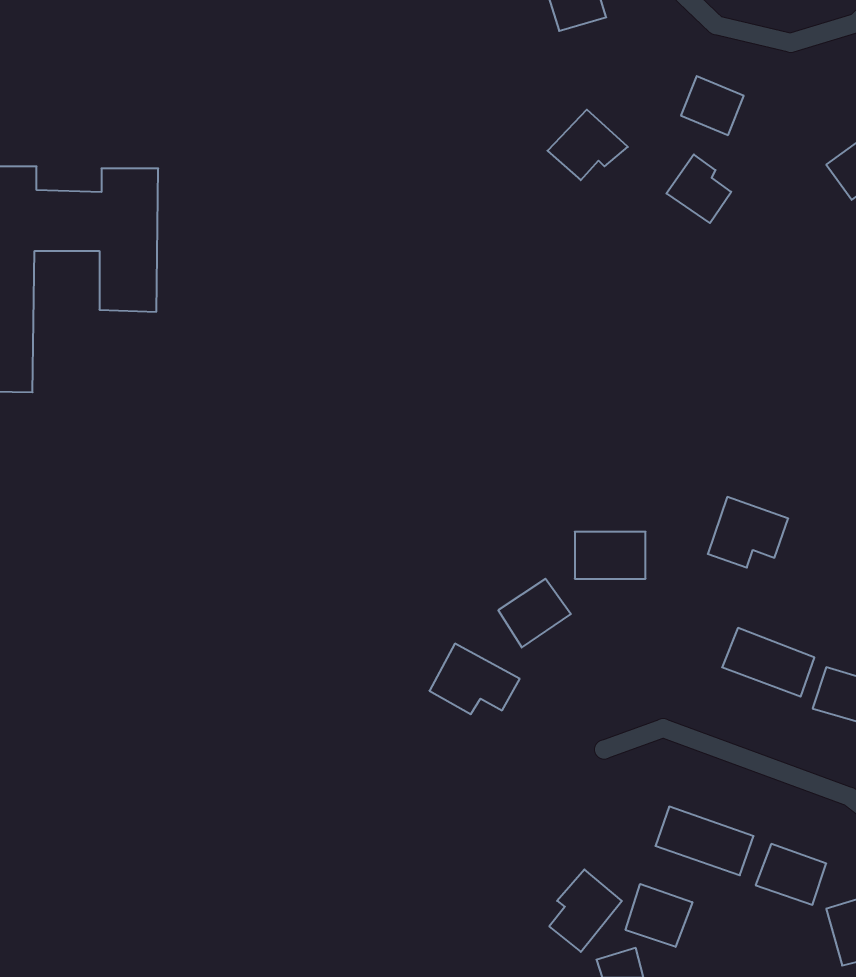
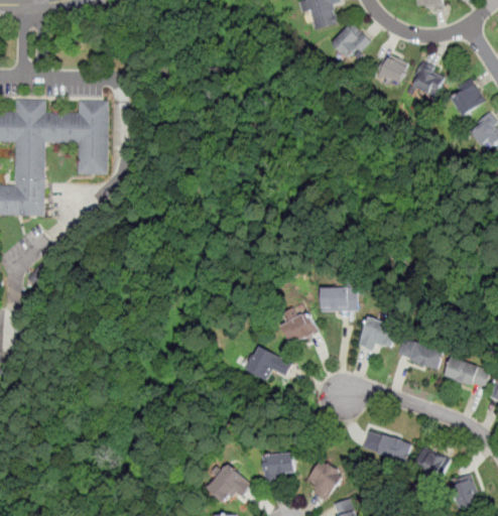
building: [547,110,628,180] -> [330,21,371,57]
building: [666,154,731,223] -> [410,60,444,96]
building: [708,497,788,568] -> [357,315,398,352]
building: none -> [263,453,294,481]
building: none -> [208,463,253,503]
building: [626,884,692,947] -> none

